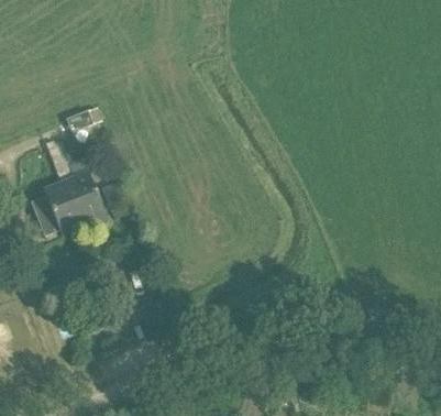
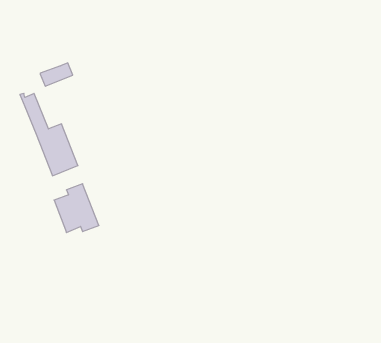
building: [31,183,79,236] -> [54,184,99,233]

